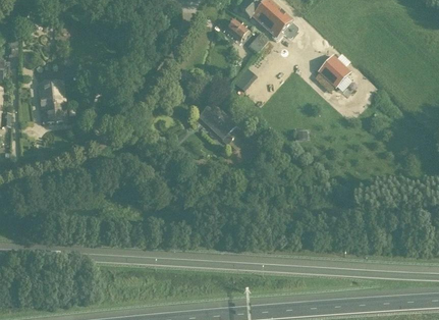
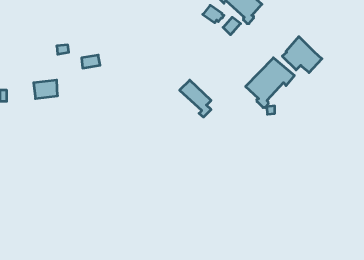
building: none -> [246,58,294,108]
building: [38,79,65,105] -> none

